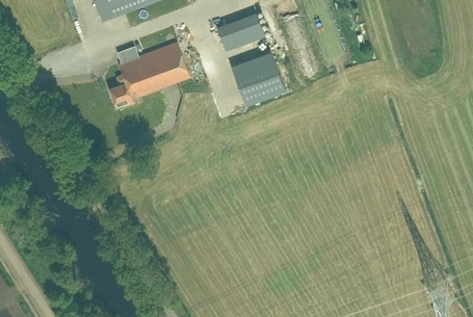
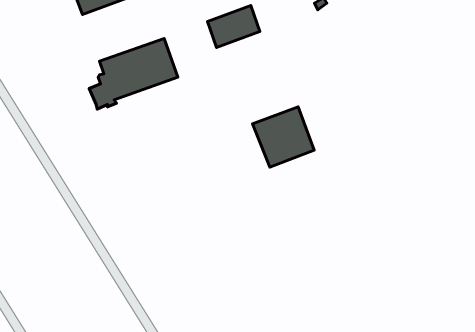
building: [228,49,284,104] -> [253,107,314,167]

